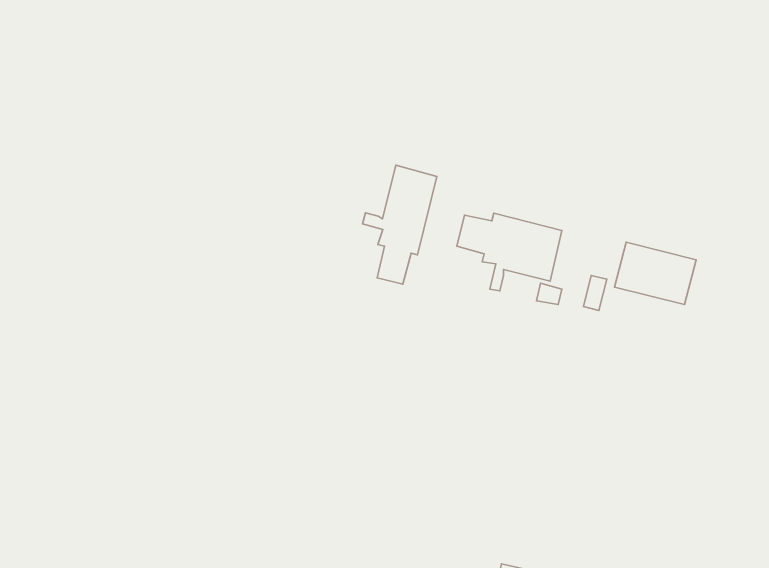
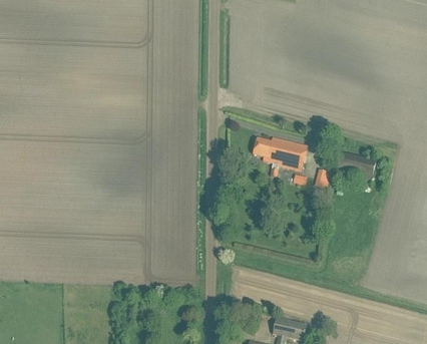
building: [362,165,437,284] -> none

